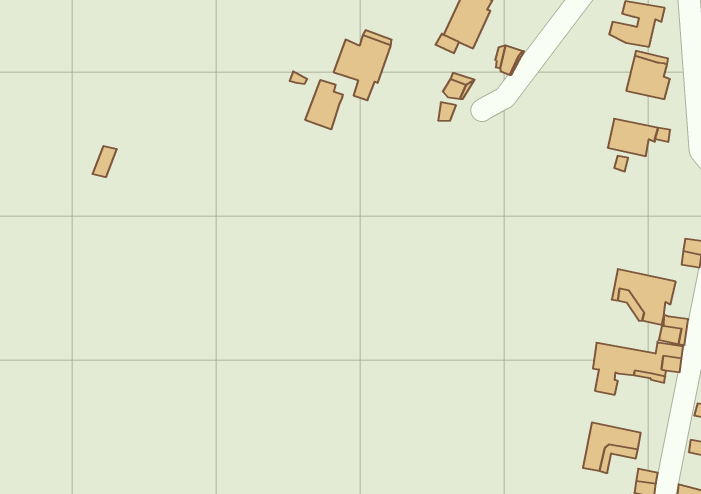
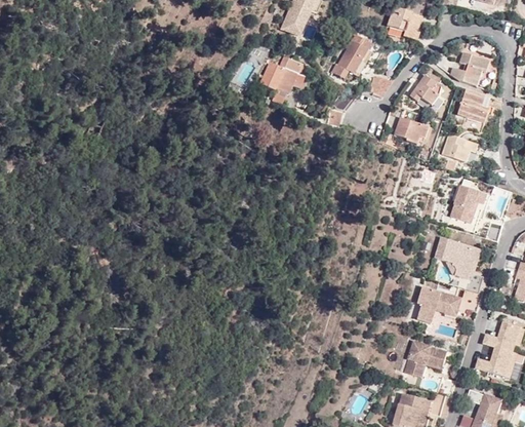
building: none -> [409,73,440,105]
building: [305,80,343,129] -> none
building: none -> [395,115,429,143]
building: none -> [449,185,485,223]

